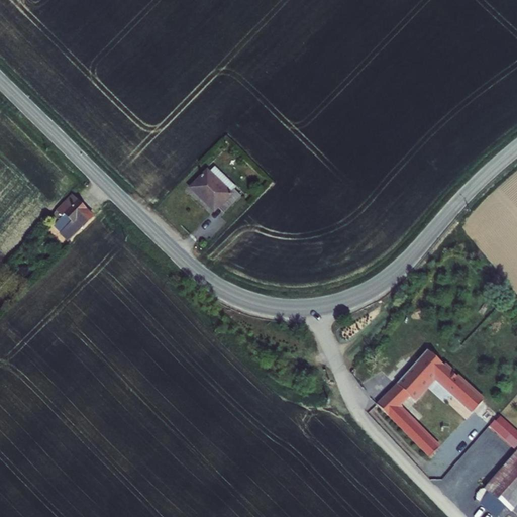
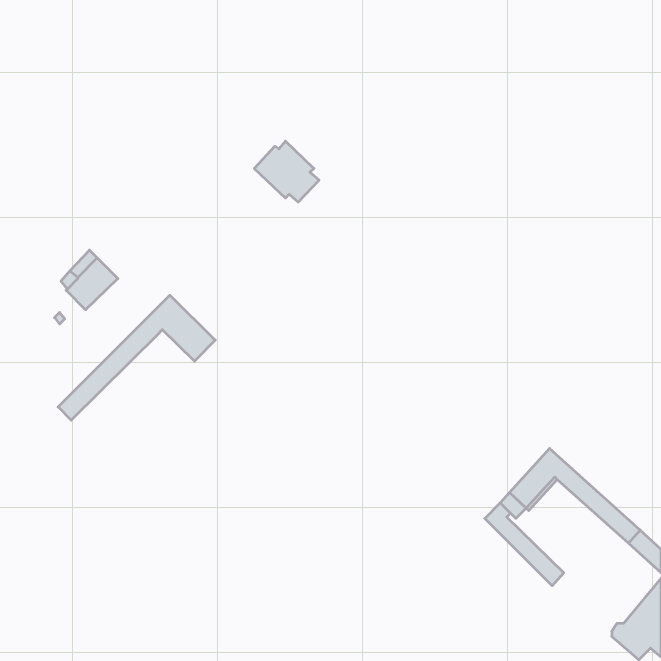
building: [190,166,240,213] -> [254,141,319,202]
building: none -> [58,295,215,420]

